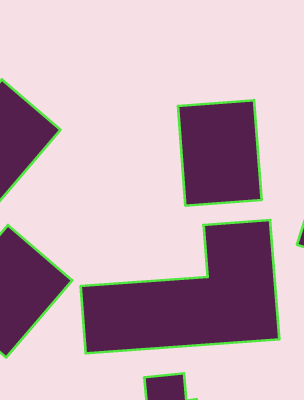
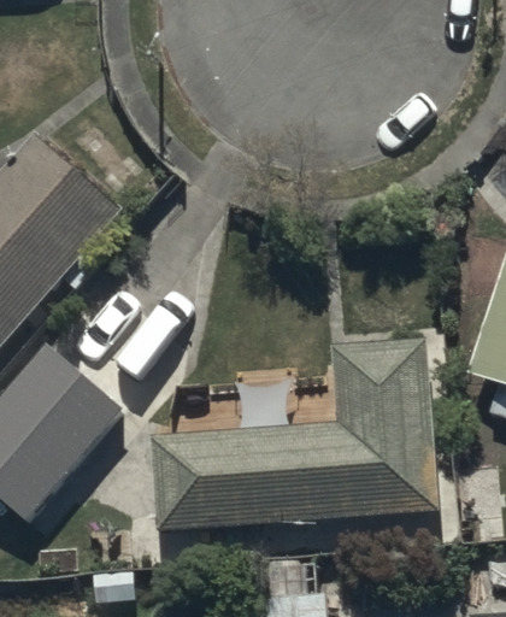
building: [178,100,261,206] -> none

